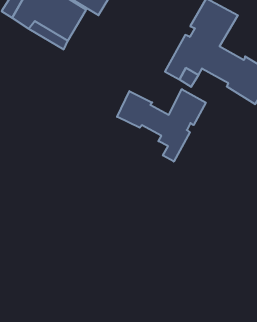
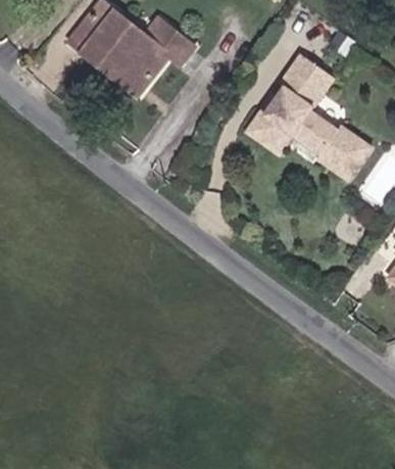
building: [117,89,206,162] -> none

